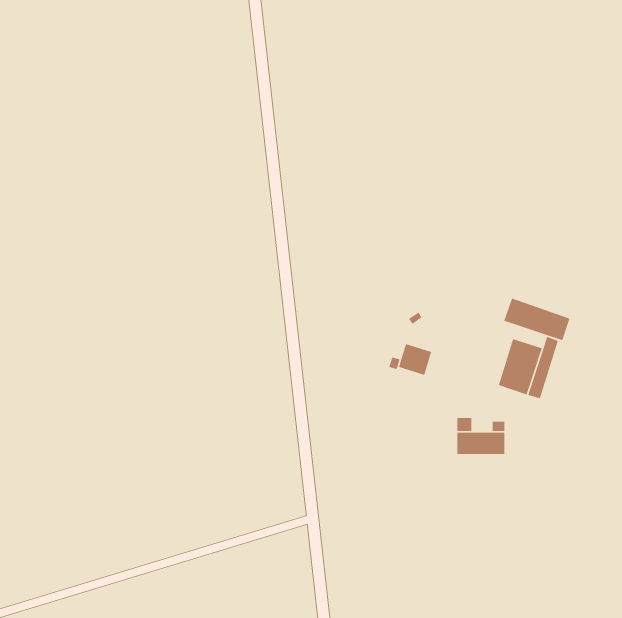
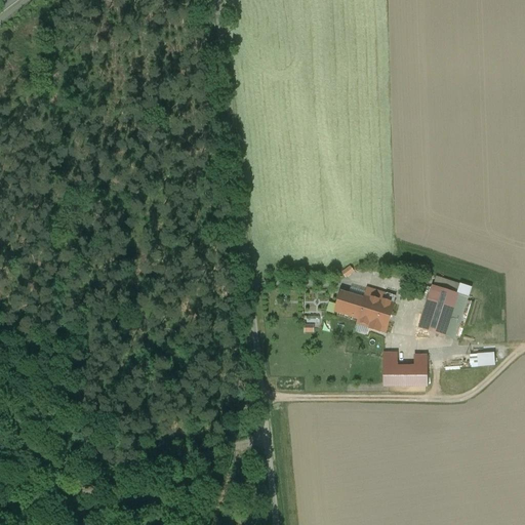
building: [503,298,570,341] -> none
building: none -> [357,286,394,329]

